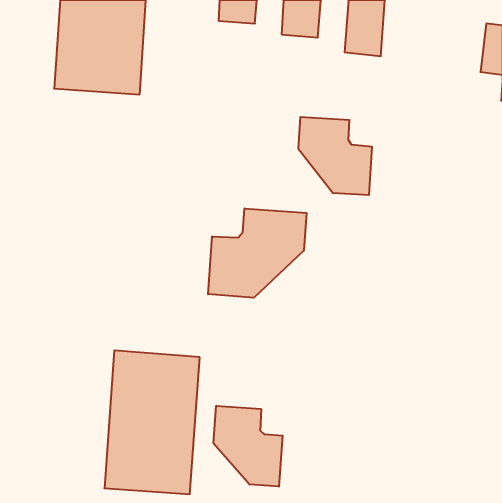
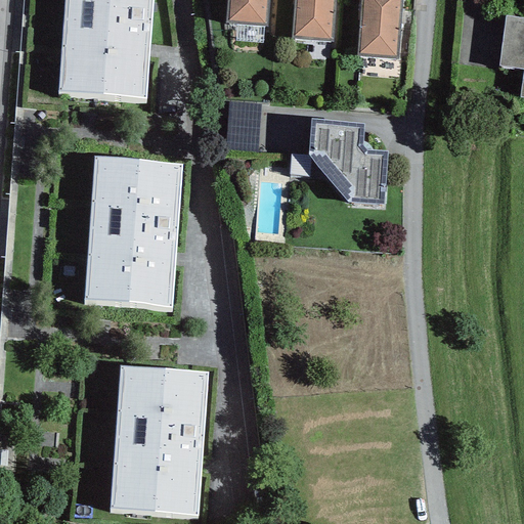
building: none -> [84,158,183,307]
building: [208,208,307,298] -> none
building: [213,406,283,487] -> none

